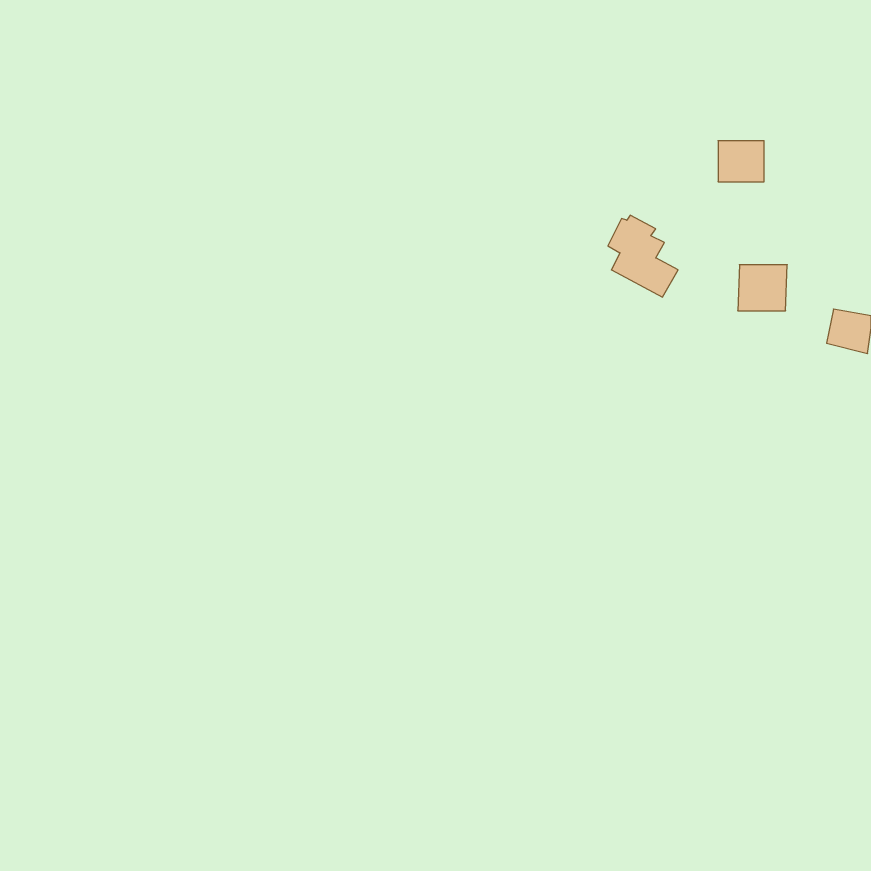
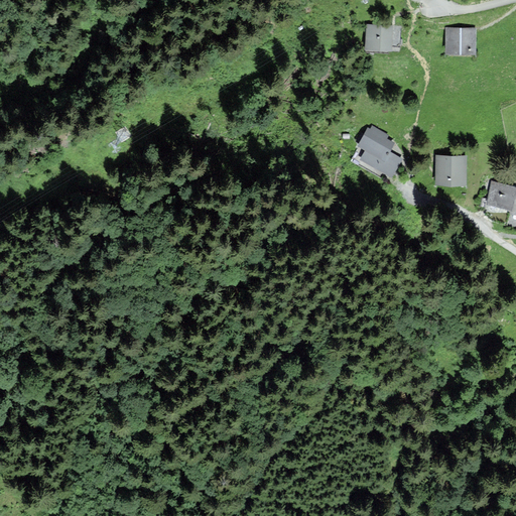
building: none -> [365,25,391,51]
building: [718,141,764,182] -> [446,29,474,53]

